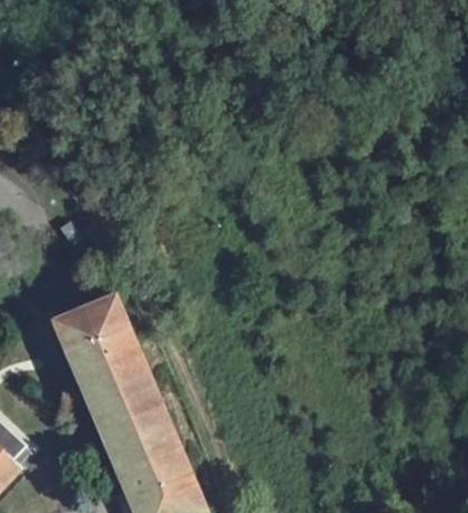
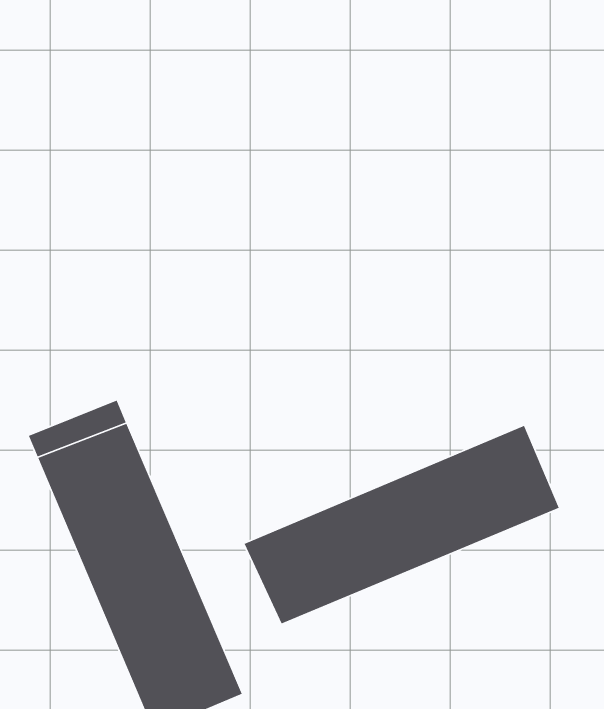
building: none -> [244,425,560,625]

